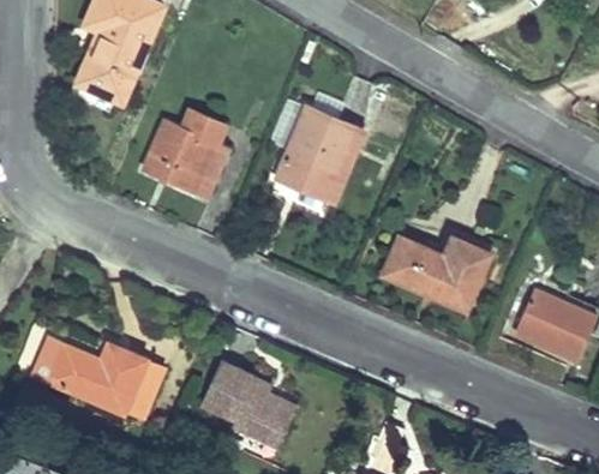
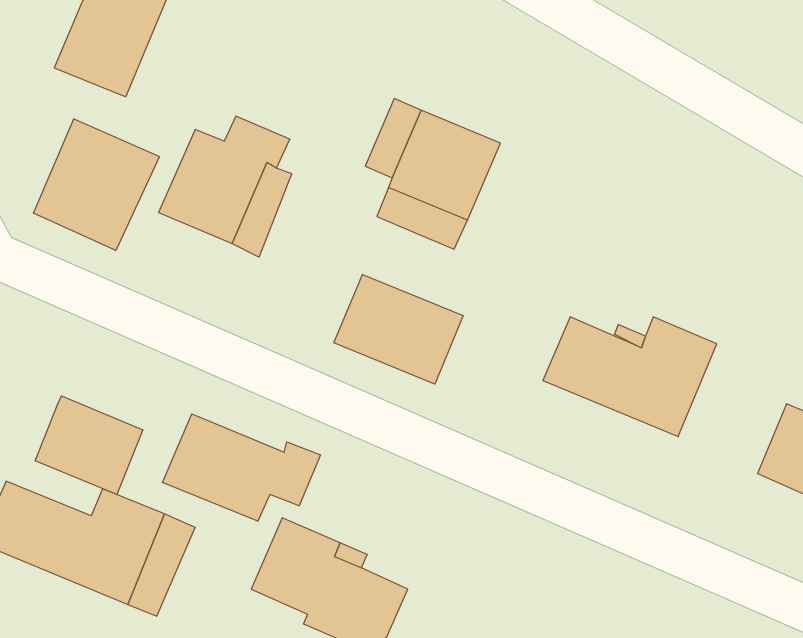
building: none -> [33,119,159,251]
building: none -> [334,274,463,384]
building: none -> [35,396,143,495]
building: none -> [162,414,321,521]

